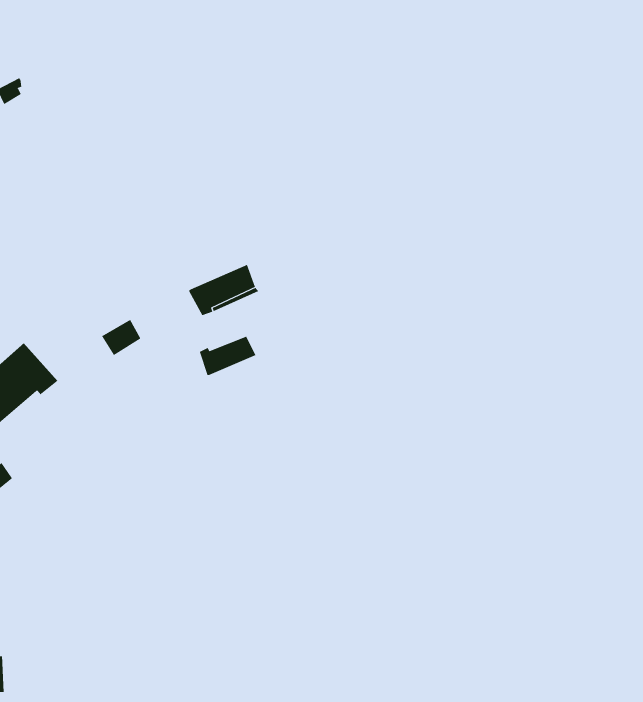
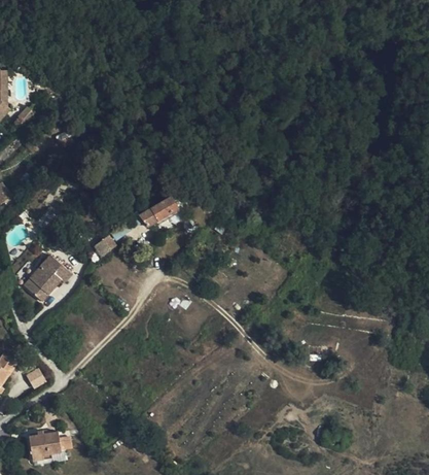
building: [199,336,256,376] -> none

